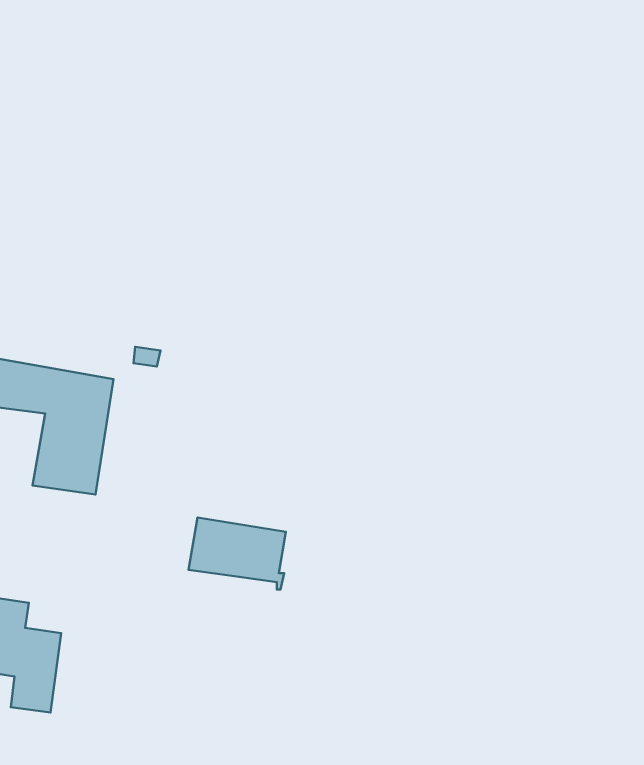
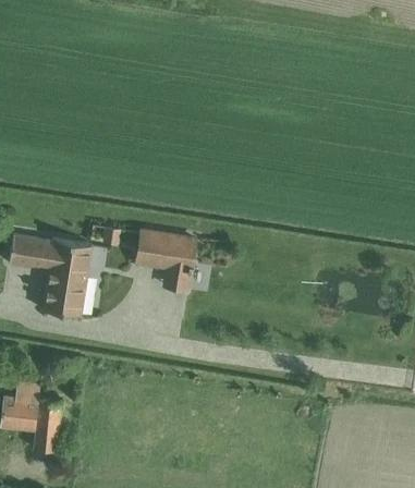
building: [189,517,286,589] -> [136,232,195,276]

